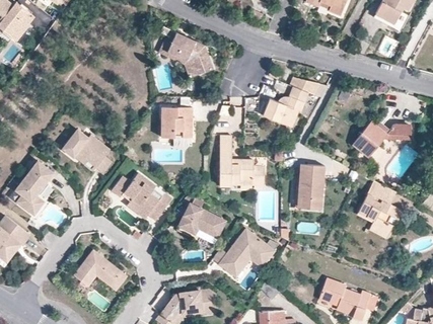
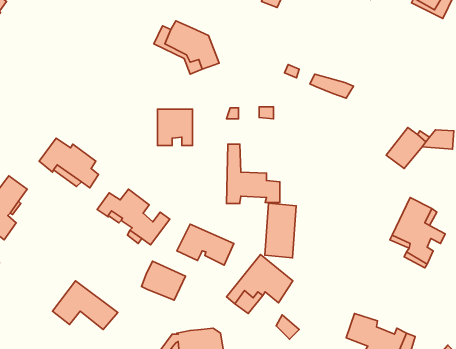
building: [264,87,308,127] -> none
building: [297,163,323,209] -> [265,203,296,258]
building: none -> [141,261,186,300]

